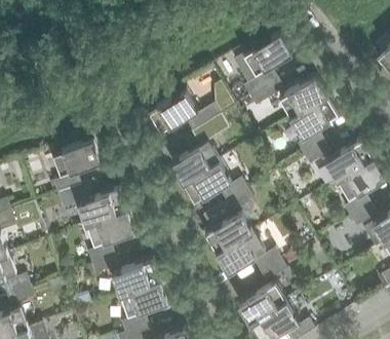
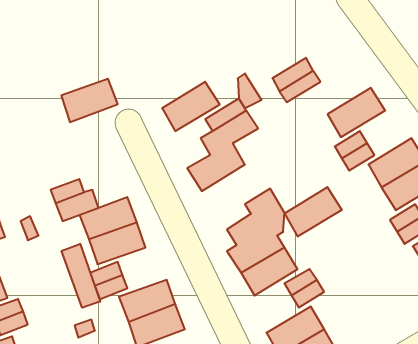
building: [243,34,292,76] -> none
building: [278,77,327,119] -> none
building: [52,141,101,178] -> [61,79,118,122]
building: [183,162,232,204] -> [284,187,342,236]
building: none -> [62,244,100,308]

